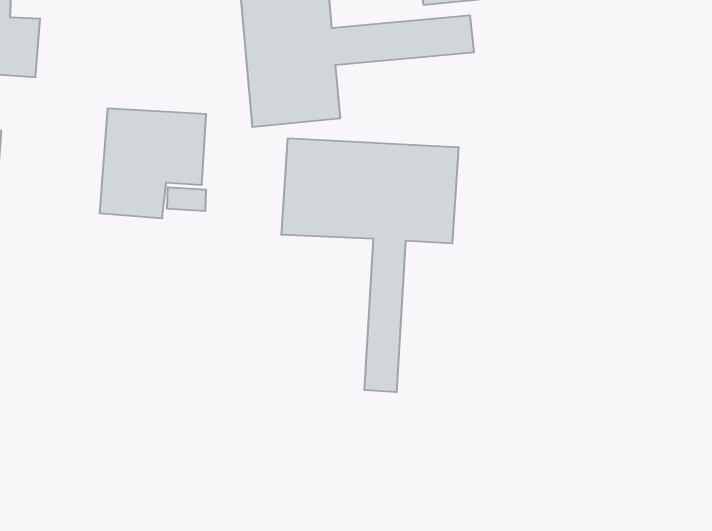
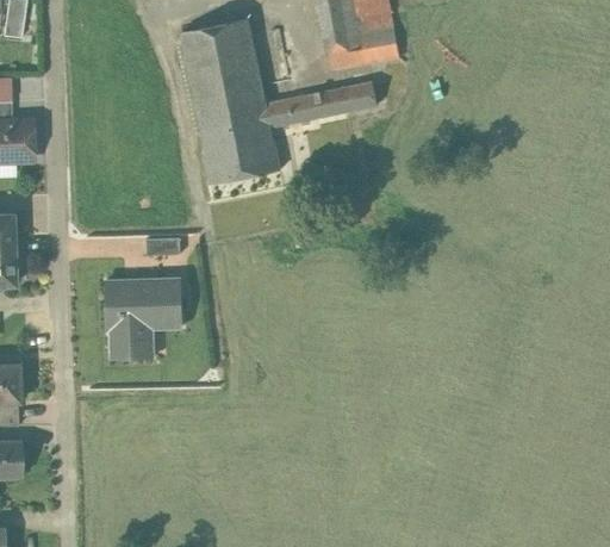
building: [99,109,206,218] -> [105,275,186,362]
building: [282,138,459,392] -> none

